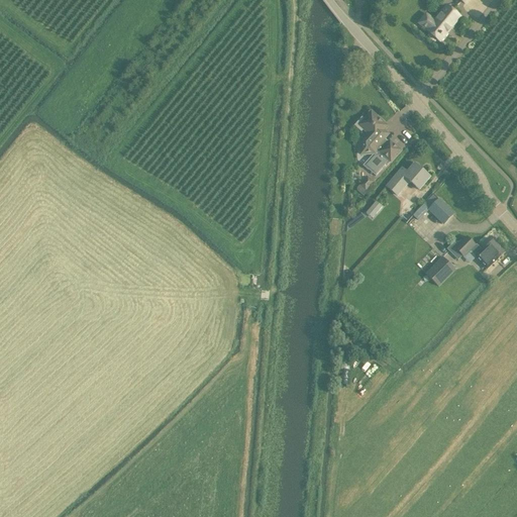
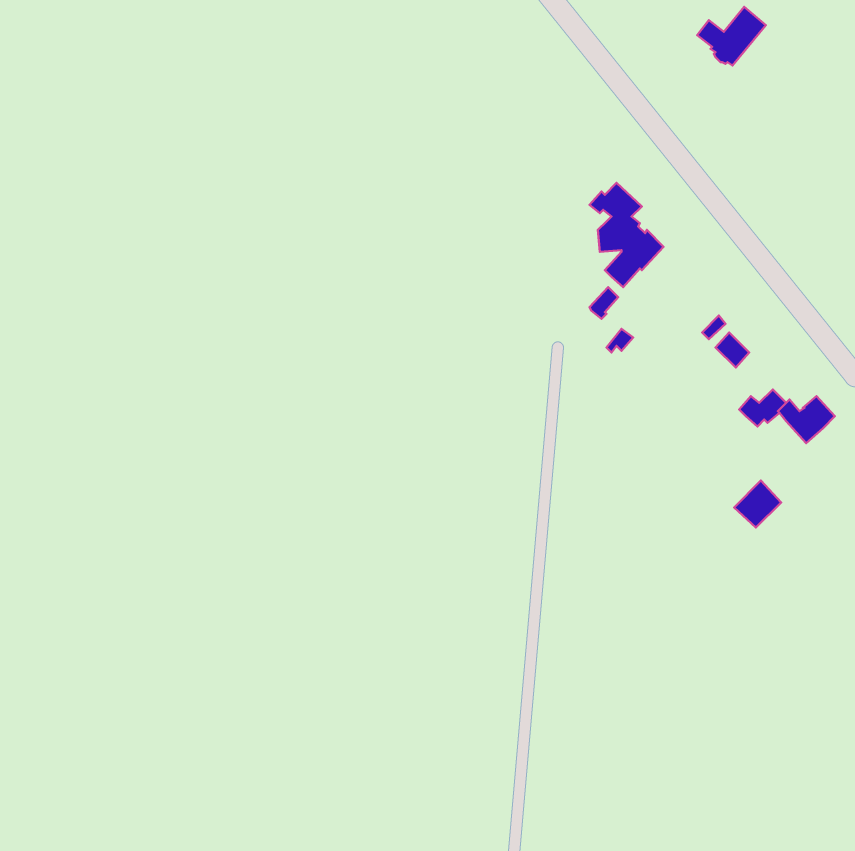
building: [386,162,428,193] -> none
building: [424,254,452,283] -> [734,481,781,528]

